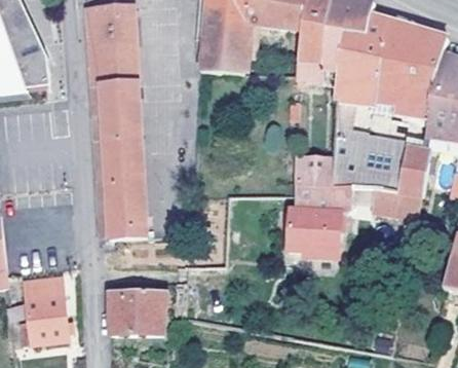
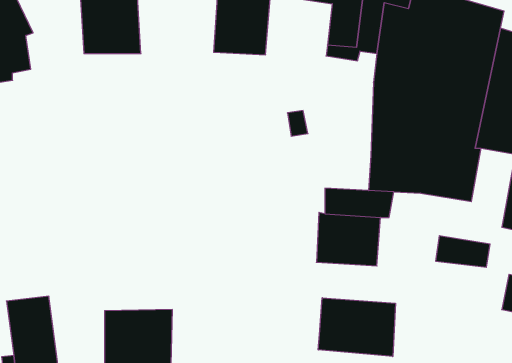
building: [90,72,148,238] -> none
building: [295,156,334,188] -> none
building: [373,190,419,217] -> [436,236,490,267]
building: none -> [318,298,395,357]

